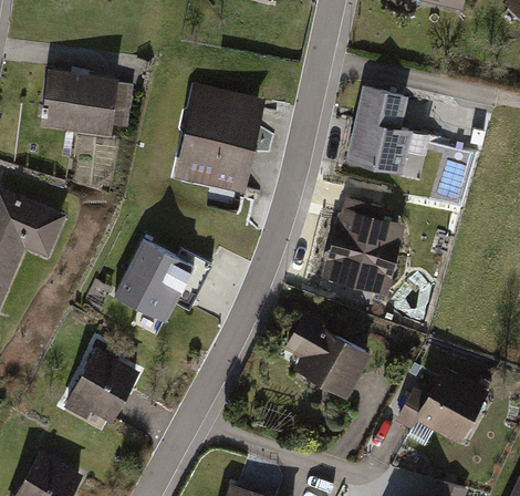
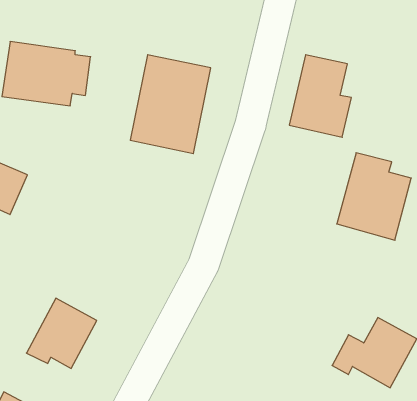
building: [323,198,404,293] -> [337,153,411,240]
building: [110,238,211,327] -> none
building: [283,314,373,402] -> none

